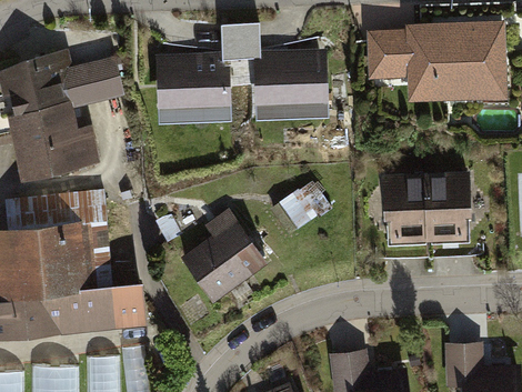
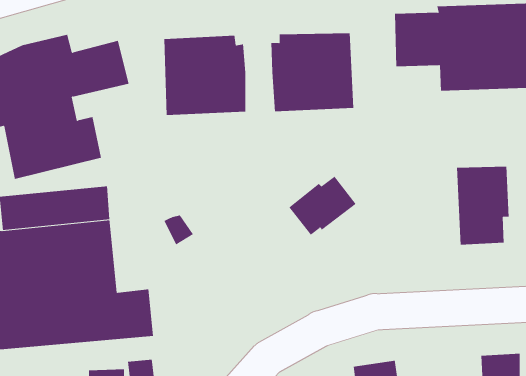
building: [219,23,260,86] -> none
building: [381,172,425,244] -> none
building: [179,209,268,304] -> none

